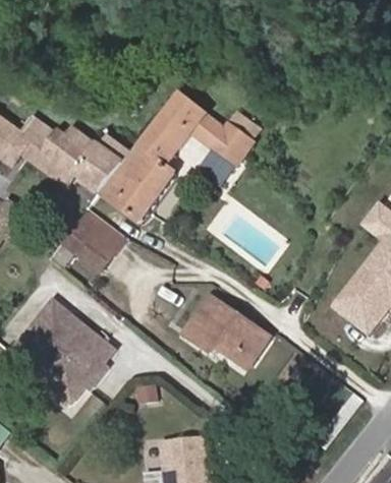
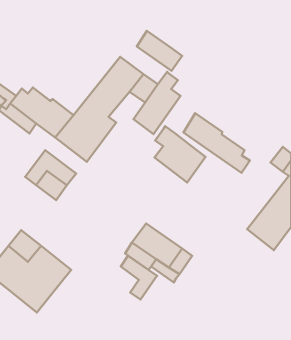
building: none -> [137,31,182,71]
building: none -> [184,113,250,173]
building: none -> [155,126,206,182]
building: none -> [121,256,157,300]

